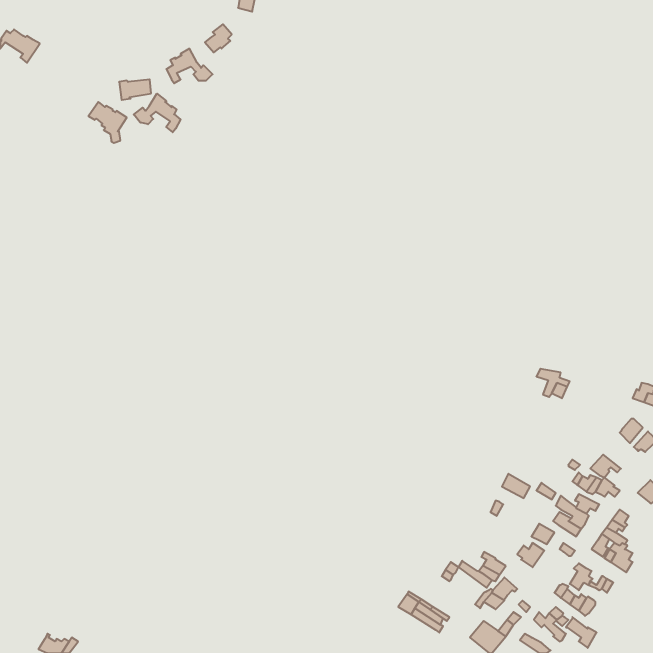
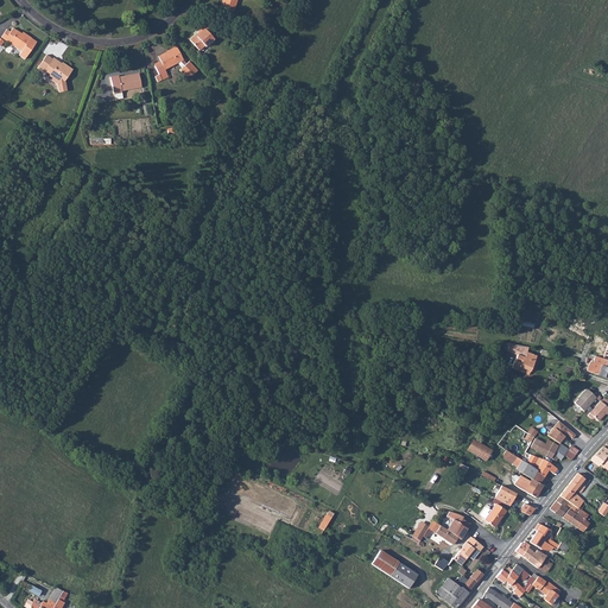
building: [134,94,181,132] -> none
building: [88,102,127,143] -> [38,53,74,91]

